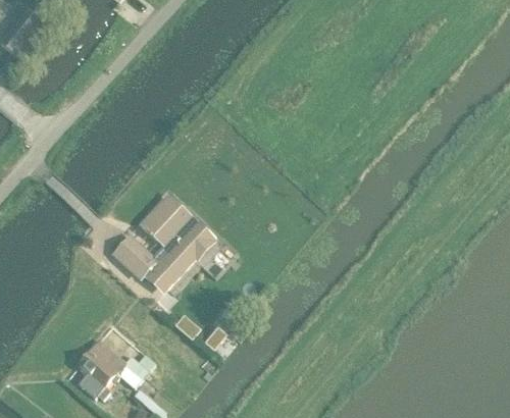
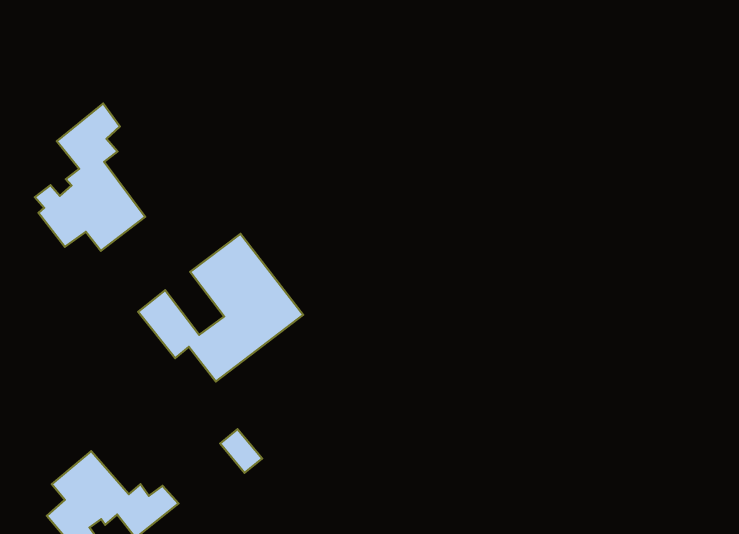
building: none -> [35,103,145,251]

